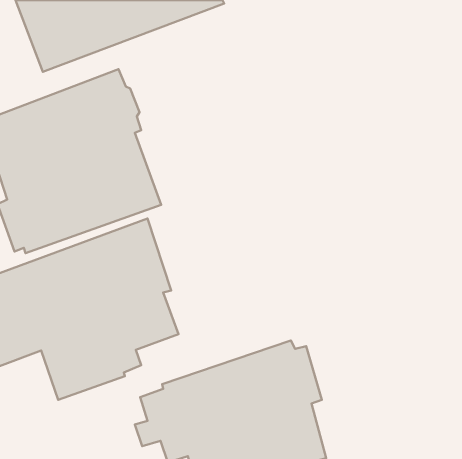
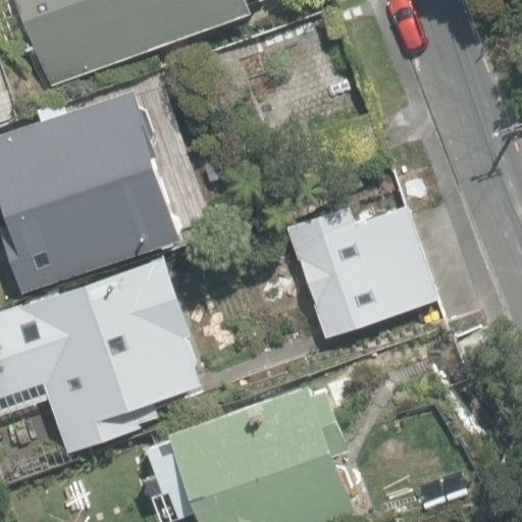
building: none -> [285,192,436,341]

